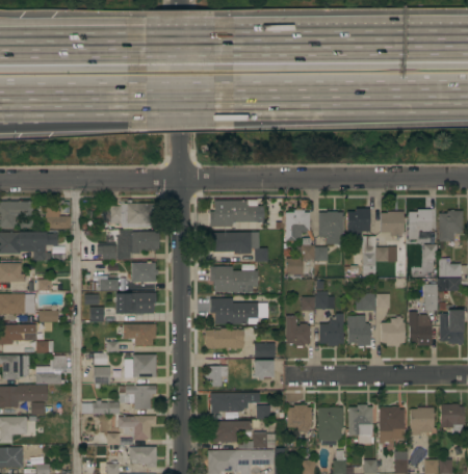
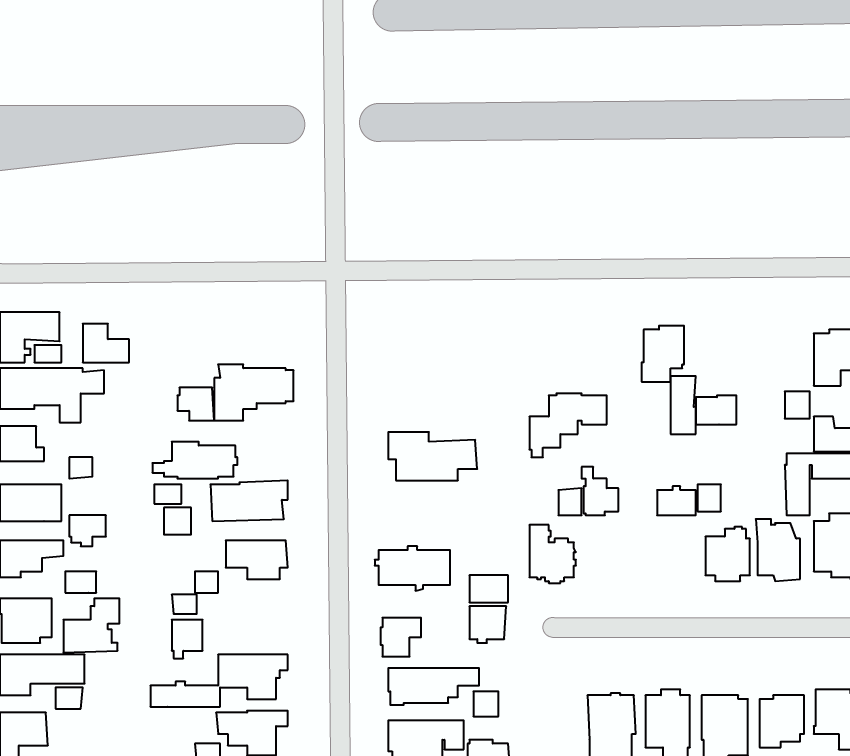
building: [101,201,155,229] -> none
building: [209,201,257,227] -> none
building: [408,209,432,240] -> none
building: [285,210,314,241] -> none
building: [380,211,404,236] -> none
building: [318,212,343,244] -> none
building: [210,232,268,262] -> none
building: [131,262,158,285] -> none
building: [210,298,258,324] -> none
building: [319,314,343,346] -> none
building: [347,315,370,346] -> none
building: [124,354,156,377] -> none
building: [287,405,312,432] -> none

